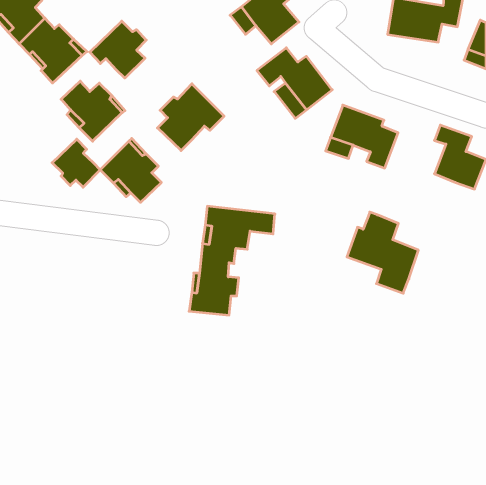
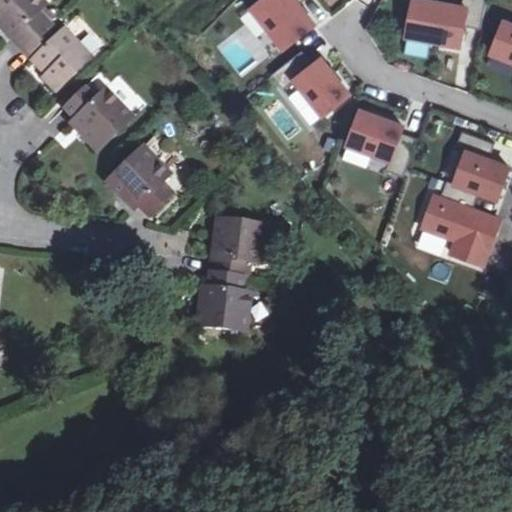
building: [90,21,146,78] -> none
building: [157,84,224,151] -> none
building: [52,139,100,187] -> none
building: [347,212,418,293] -> [423,179,498,264]

